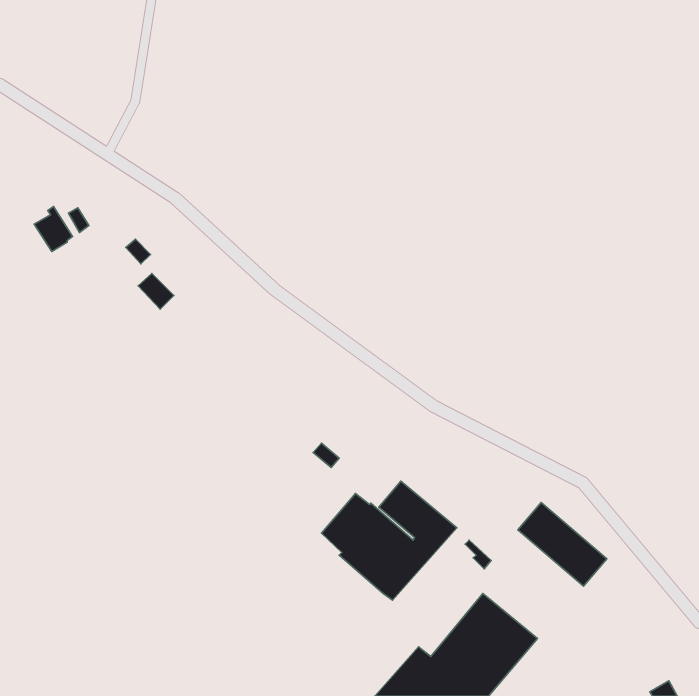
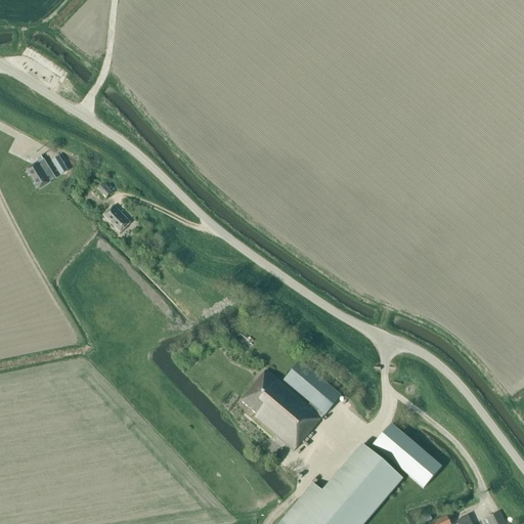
building: [518,503,607,586] -> [374,424,440,486]

